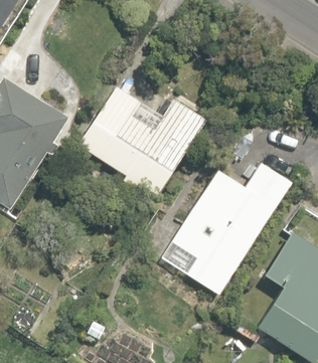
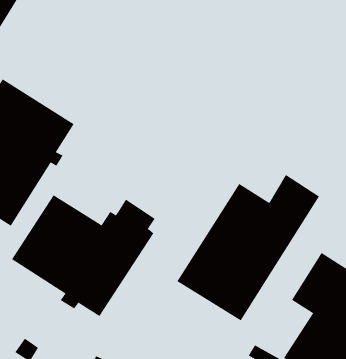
building: [77,83,208,194] -> [11,195,155,317]

